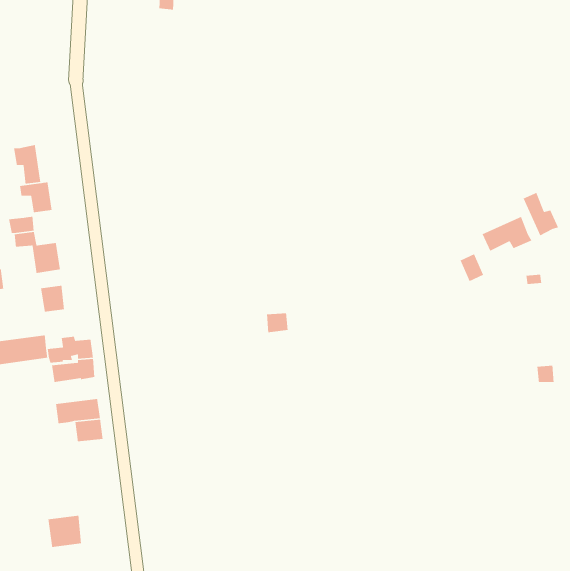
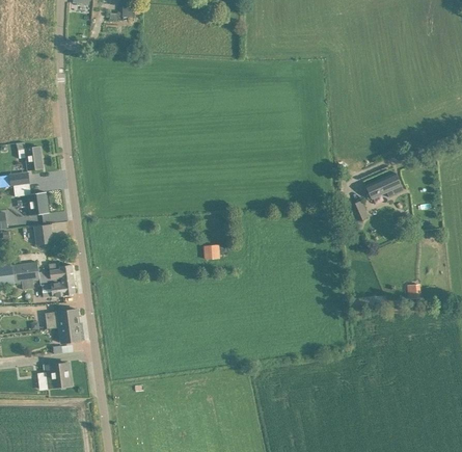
building: [13,144,41,185] -> none
building: [522,192,559,237] -> none
building: [47,515,82,548] -> [44,362,70,387]

